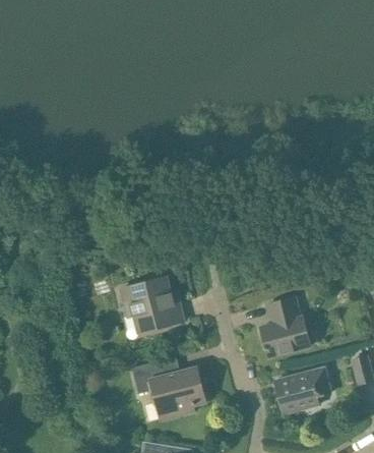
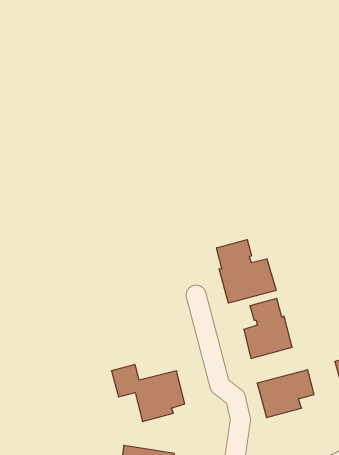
building: none -> [217,240,276,303]
building: [122,277,184,333] -> none

